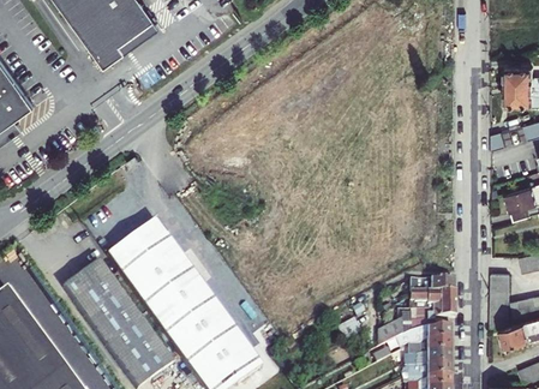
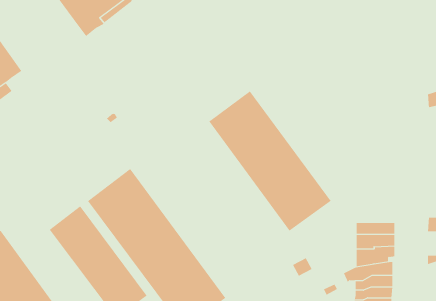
building: none -> [209,91,331,231]
building: [377,312,409,346] -> none

